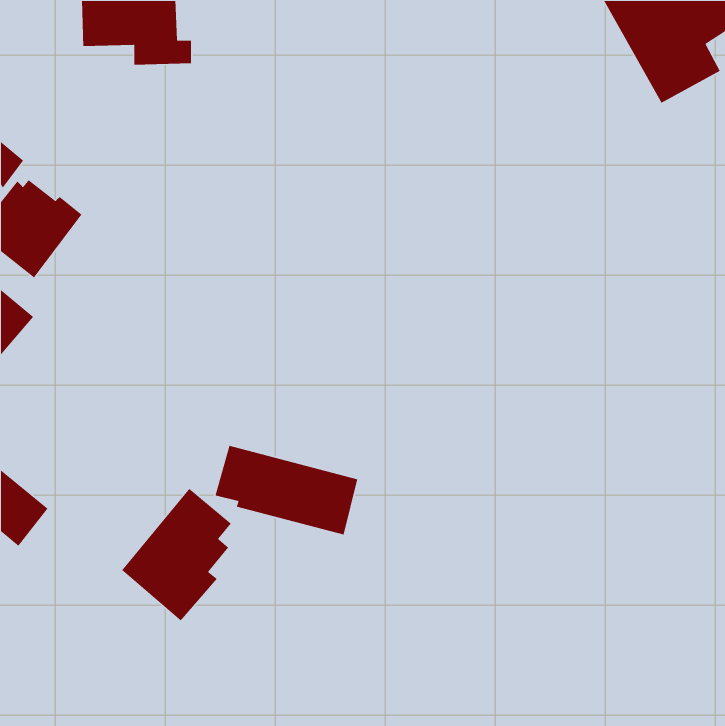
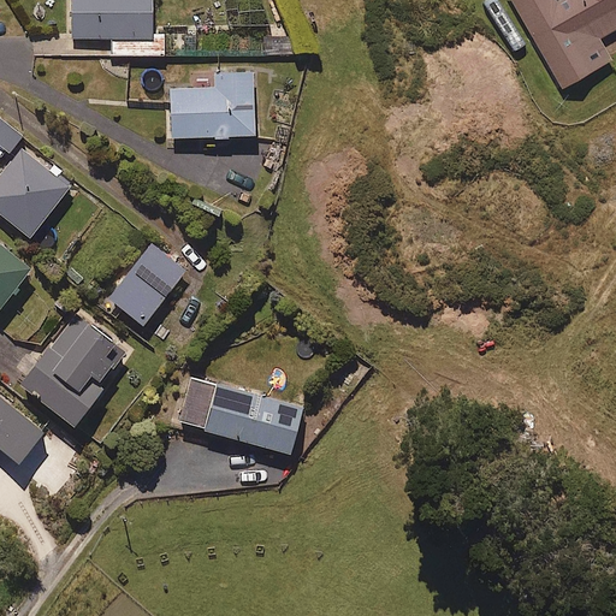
building: none -> [170,72,253,137]
building: none -> [109,244,185,324]
building: [121,488,232,621] -> [20,312,114,425]

